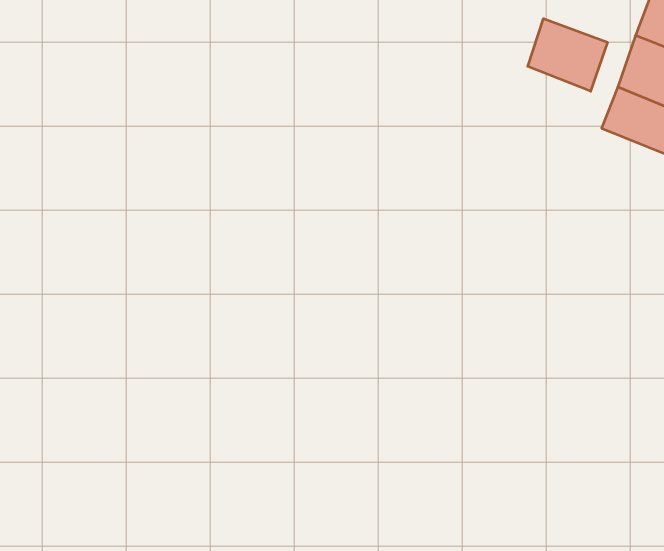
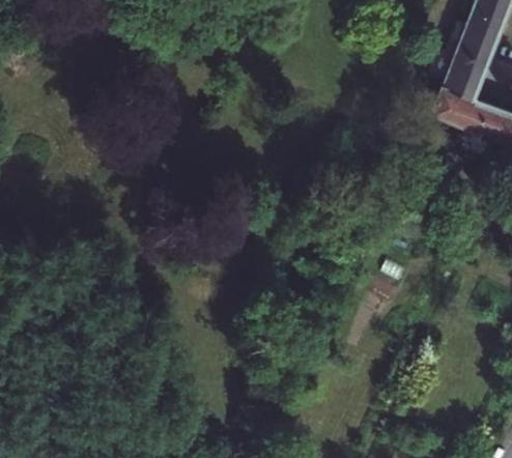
building: [528,19,607,91] -> none

